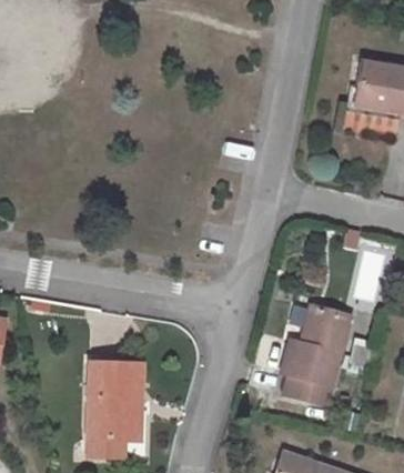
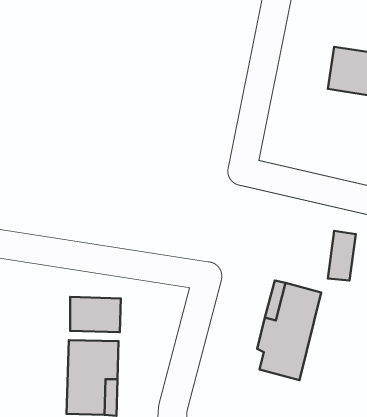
building: none -> [70,297,121,332]

